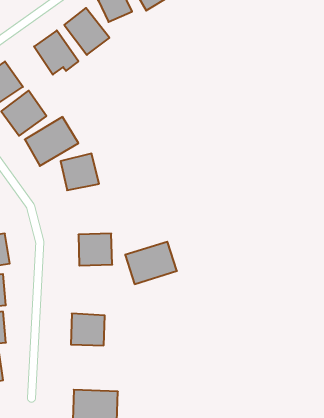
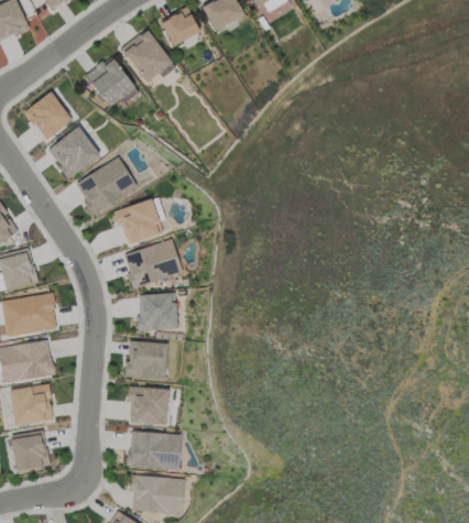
building: [125,242,177,284] -> [122,239,183,288]
building: none -> [127,341,167,378]
building: none -> [128,432,181,469]

